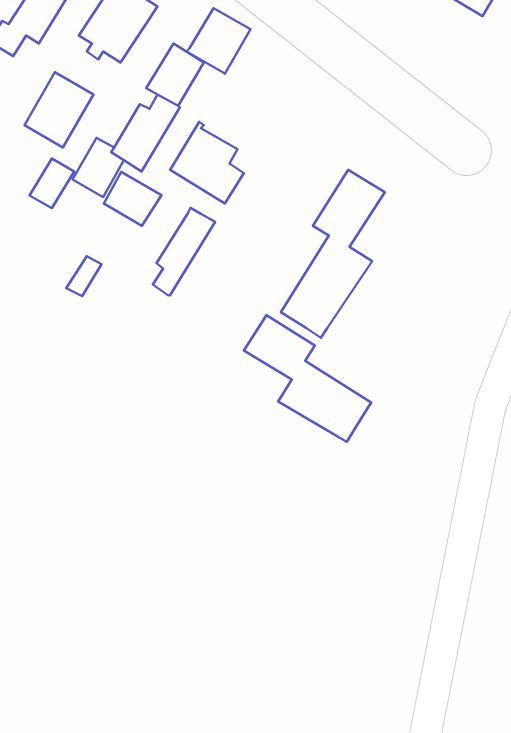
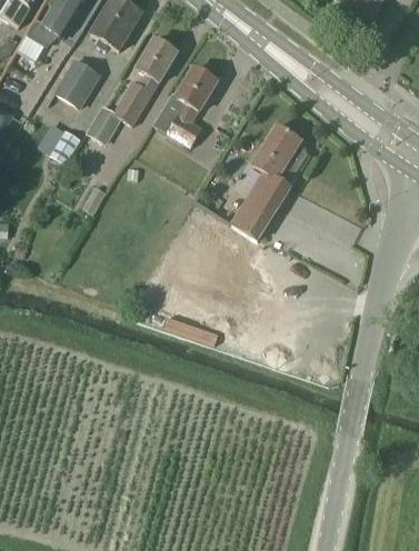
building: [186,8,250,74] -> [174,64,219,110]
building: [104,172,161,226] -> none
building: [153,208,215,296] -> none
building: [244,315,371,442] -> none

